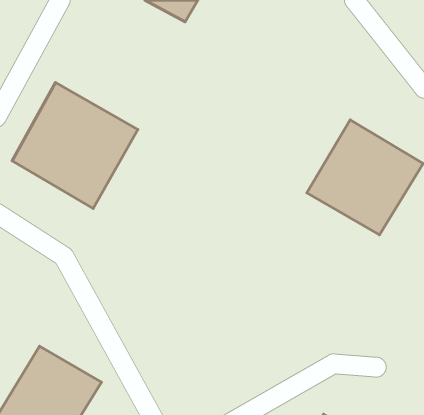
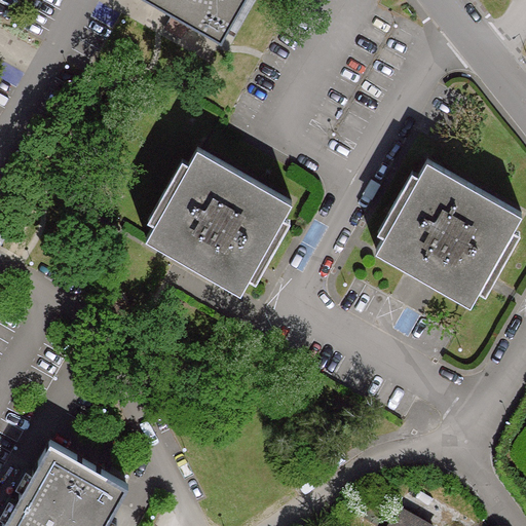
building: [12,82,138,209] -> none
building: none -> [151,150,291,290]

